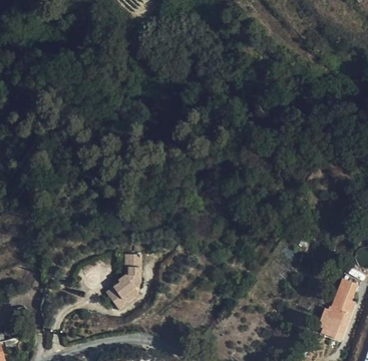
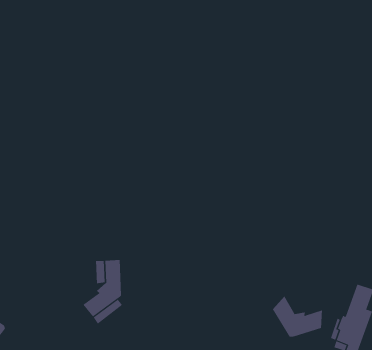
building: none -> [272,296,322,337]

